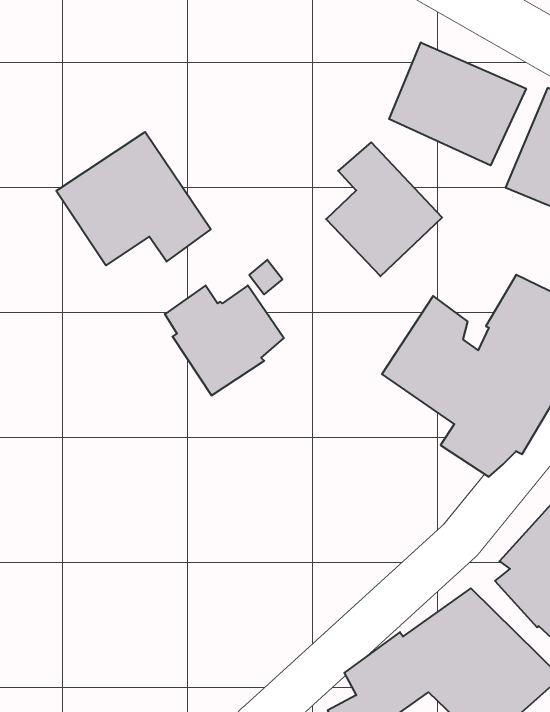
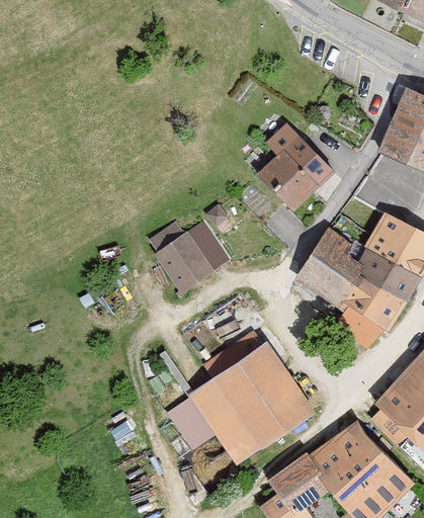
building: [389,42,526,165] -> none
building: [56,132,211,265] -> none
building: none -> [167,330,315,464]

